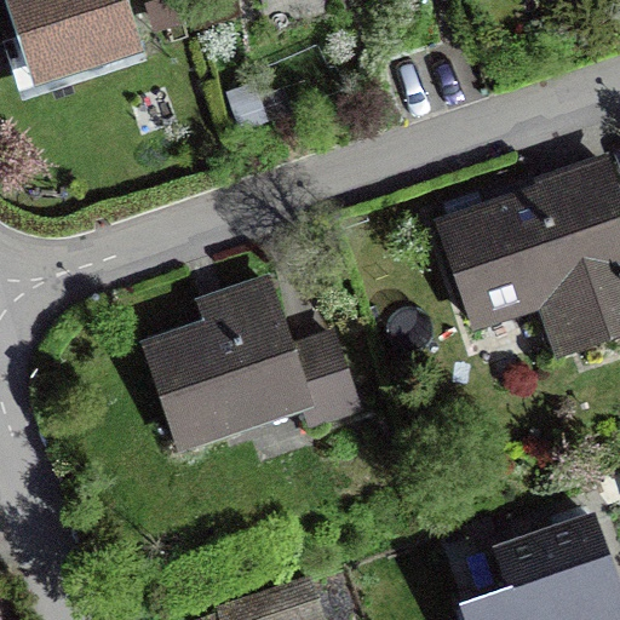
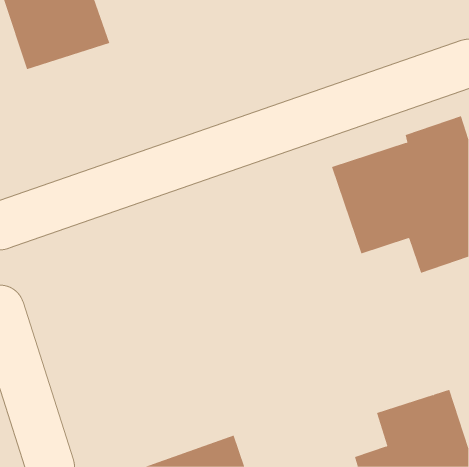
building: [140,274,363,455] -> none

